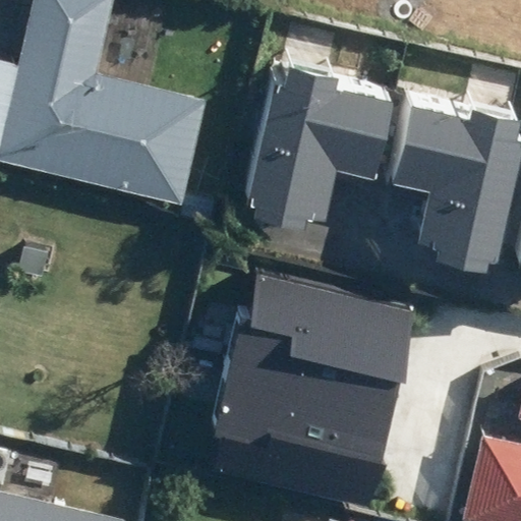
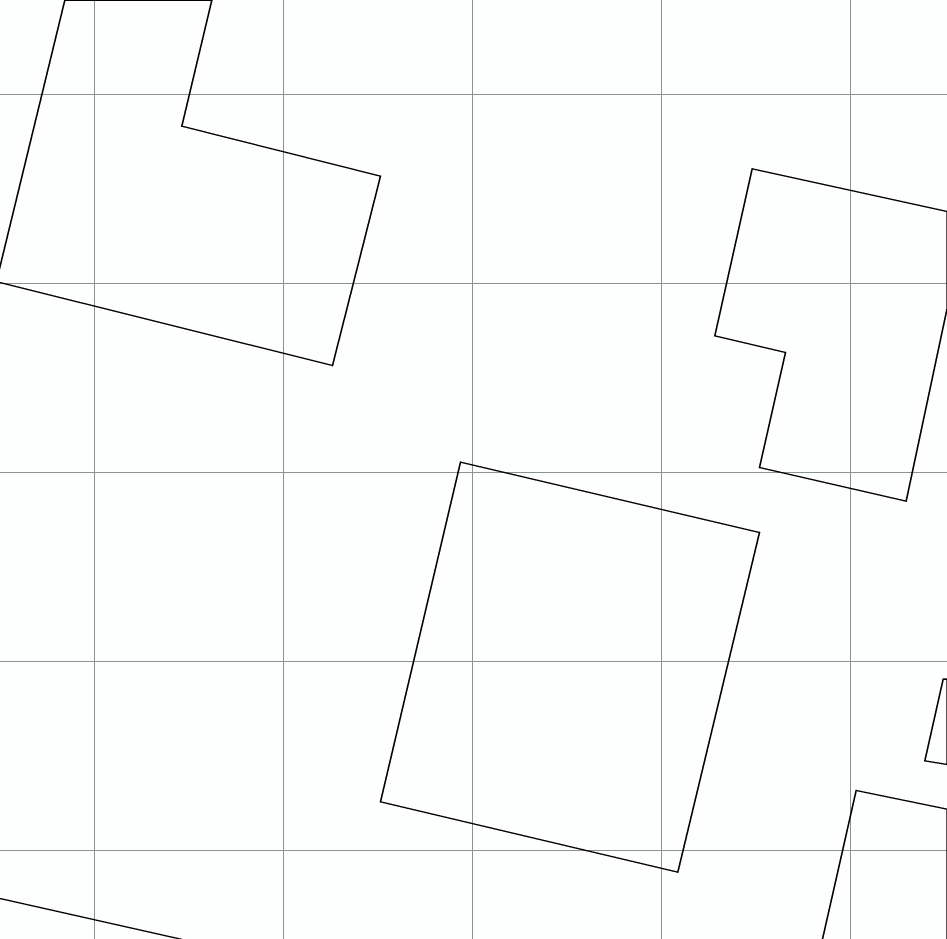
building: [244,66,395,238] -> none

